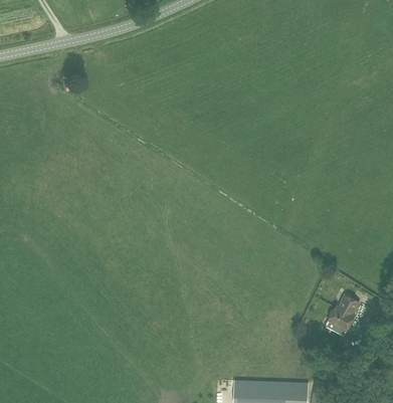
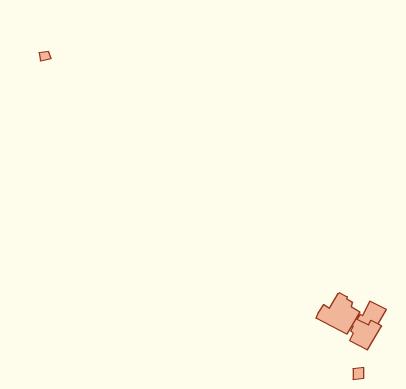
building: none -> [316,293,360,334]

